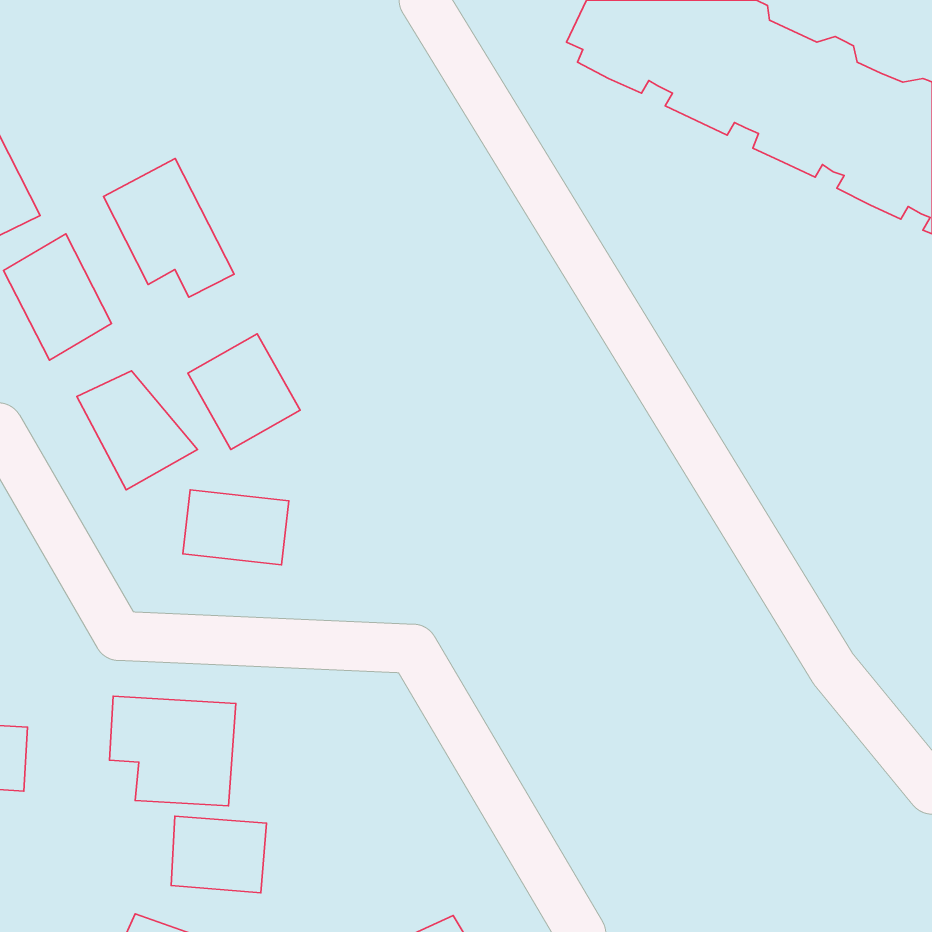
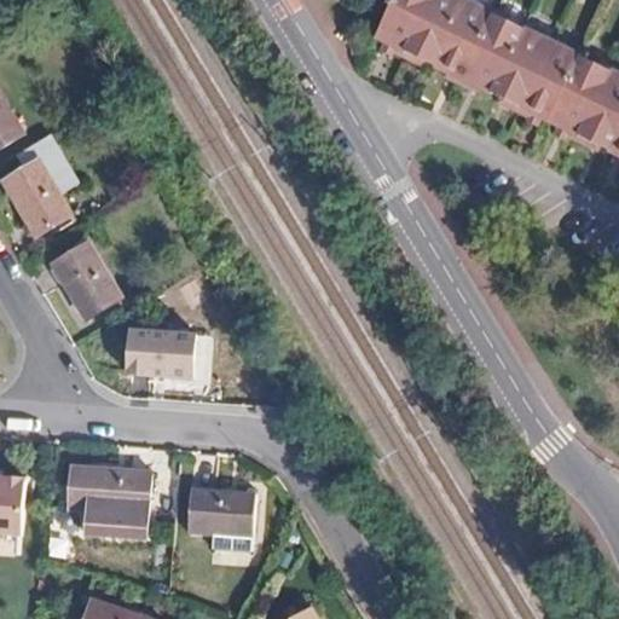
building: [103,159,234,297] -> none
building: [188,334,300,449] -> none
building: [171,816,266,893] -> [183,488,245,539]

